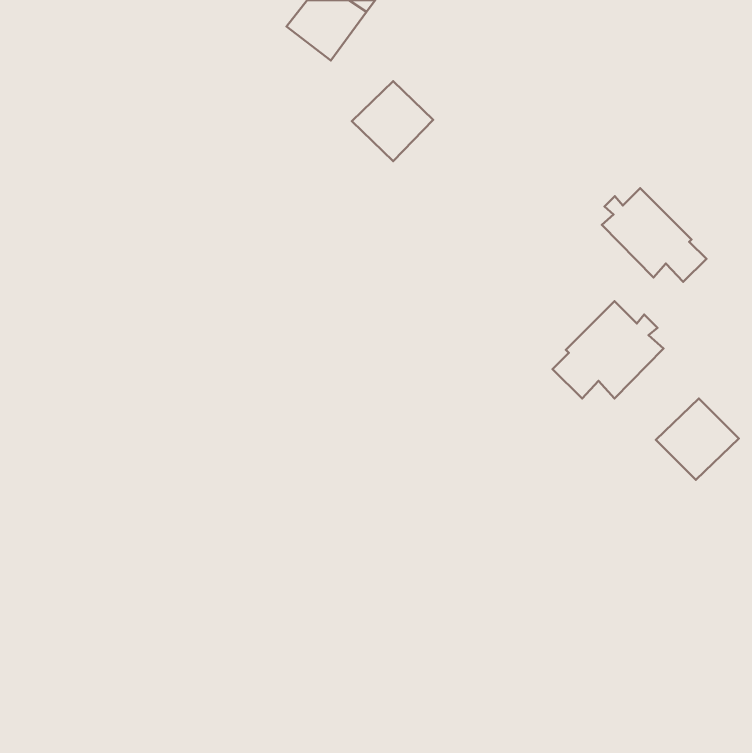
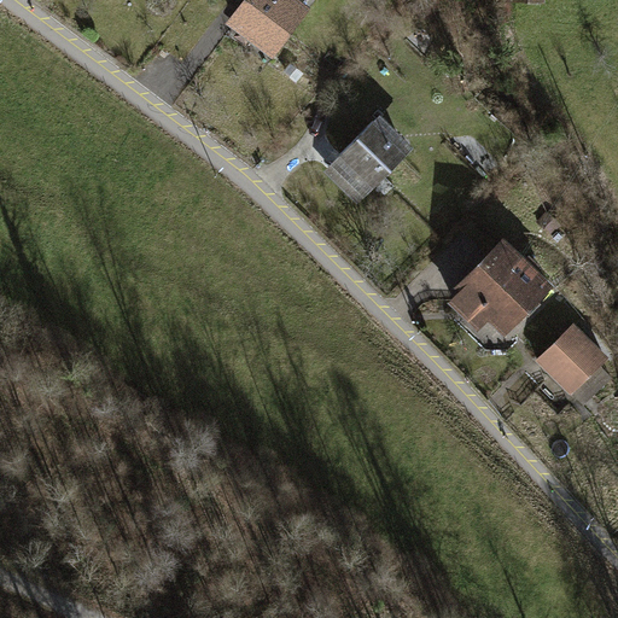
building: [352,81,433,161] -> [338,123,404,188]
building: [602,188,706,282] -> none

